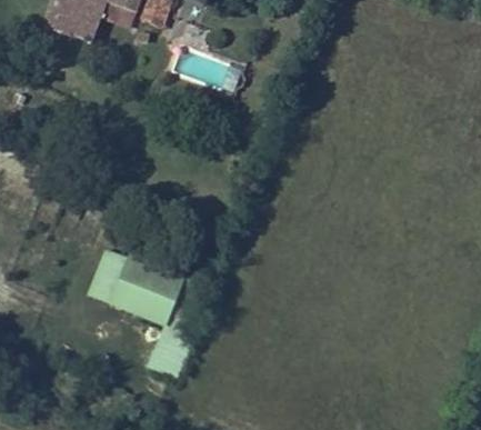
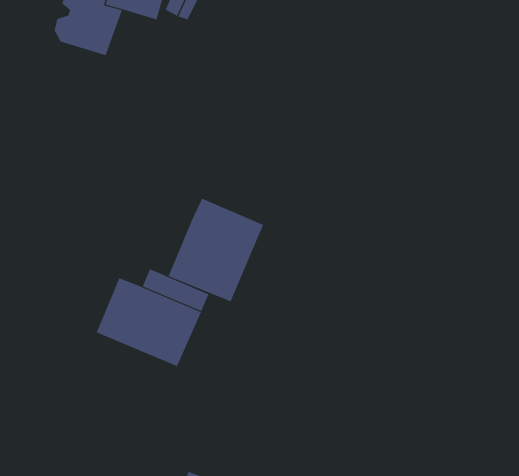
building: none -> [168,198,264,302]

